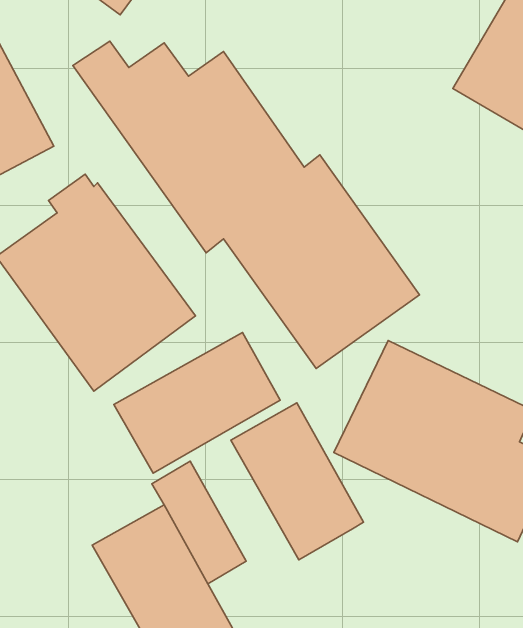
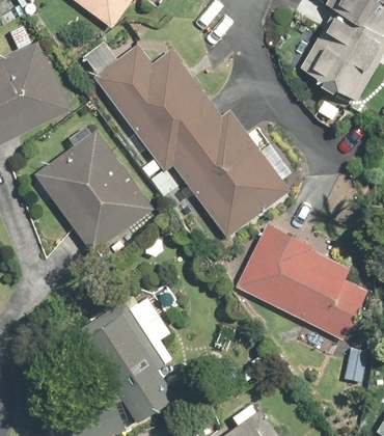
building: [114,332,280,473] -> none
building: [231,403,364,560] -> none

